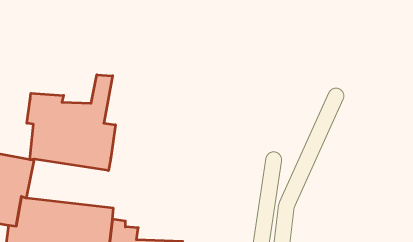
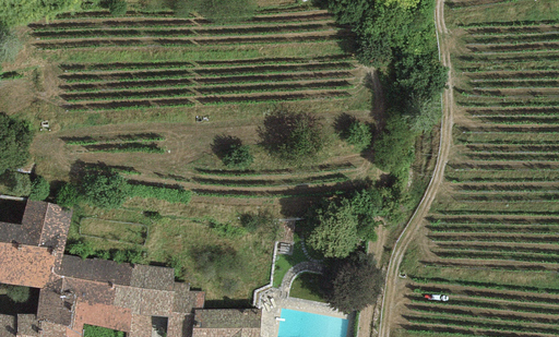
building: [27,75,115,171] -> none

